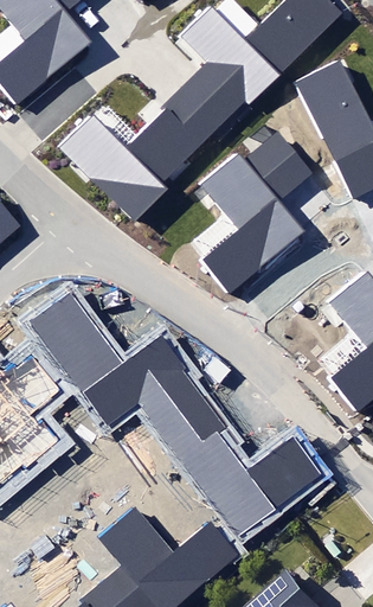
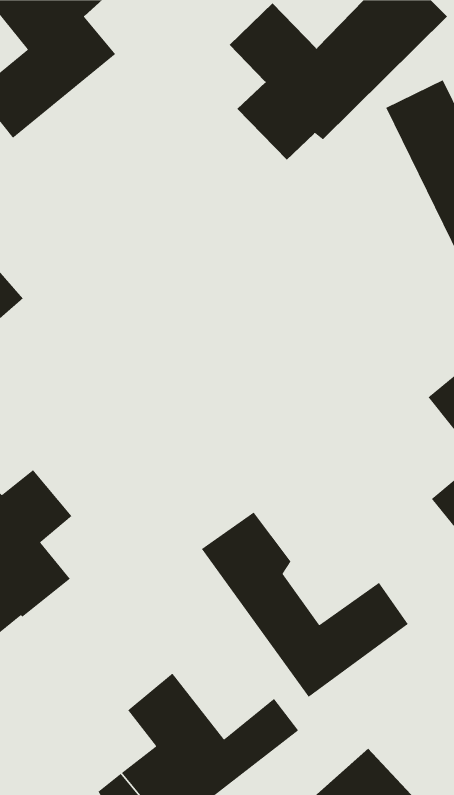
building: [59,83,221,222] -> none
building: [199,130,311,294] -> none
building: [38,298,197,416] -> none

